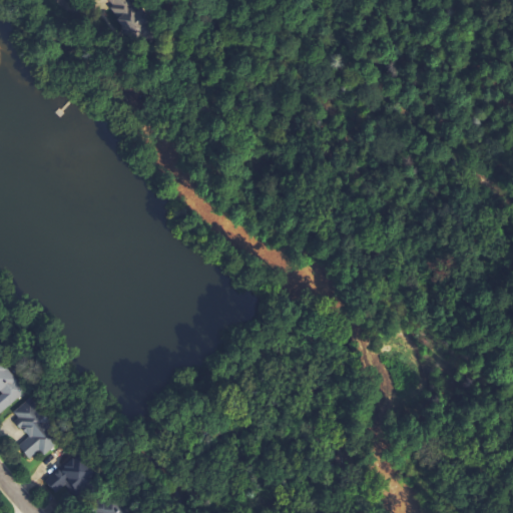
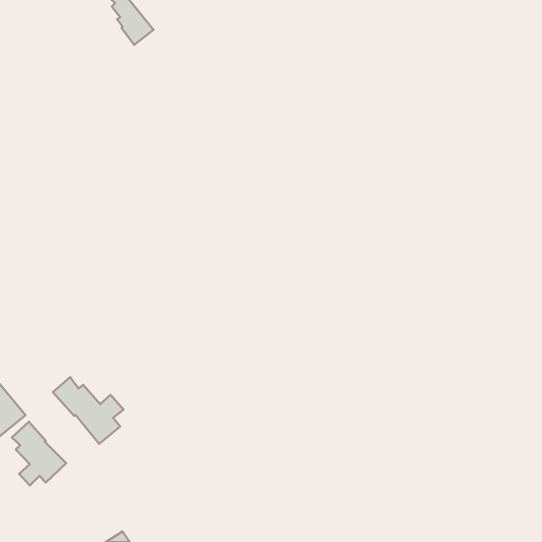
building: none -> [53,377,124,444]
building: [45,455,90,488] -> none

